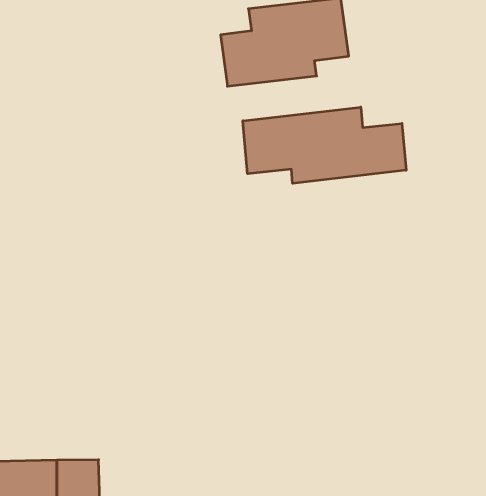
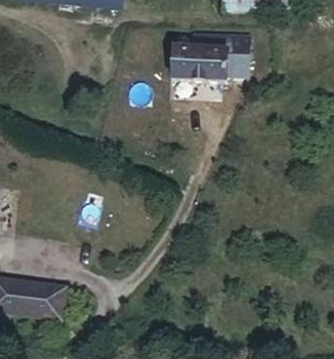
building: [243,107,406,183] -> none

